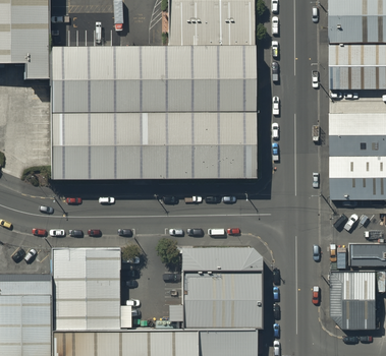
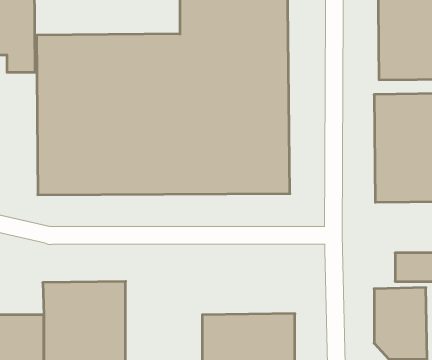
building: [186,256,263,283] -> none

